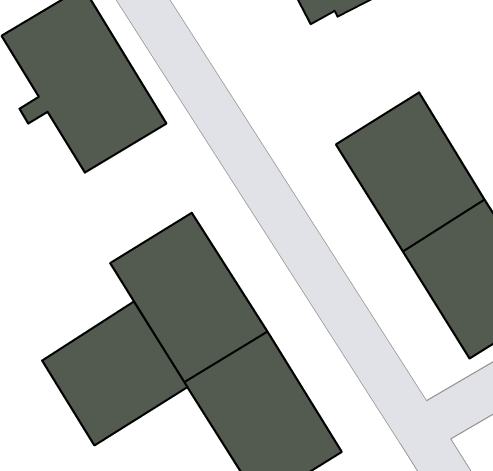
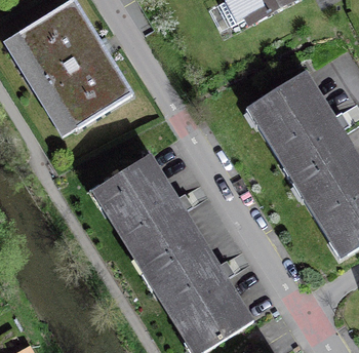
building: [42,302,187,445] -> none

